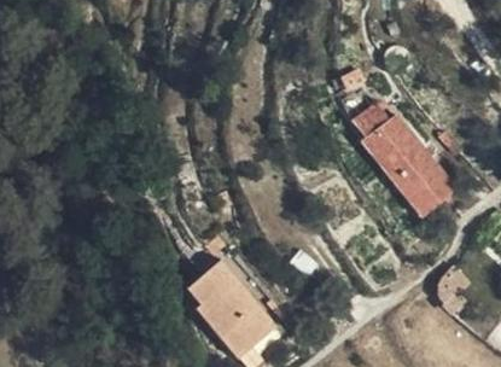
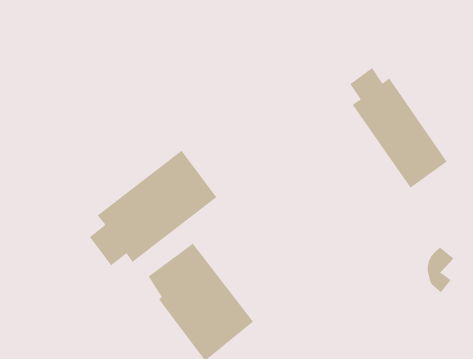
building: none -> [89,150,217,266]

